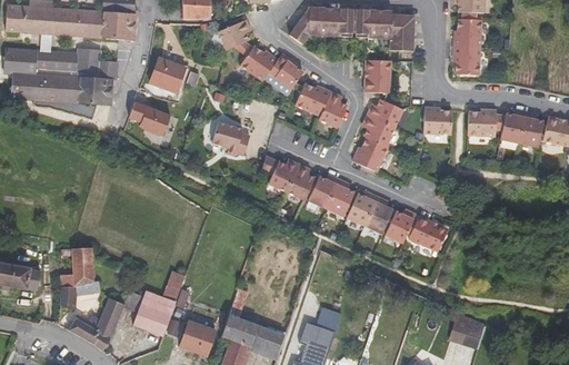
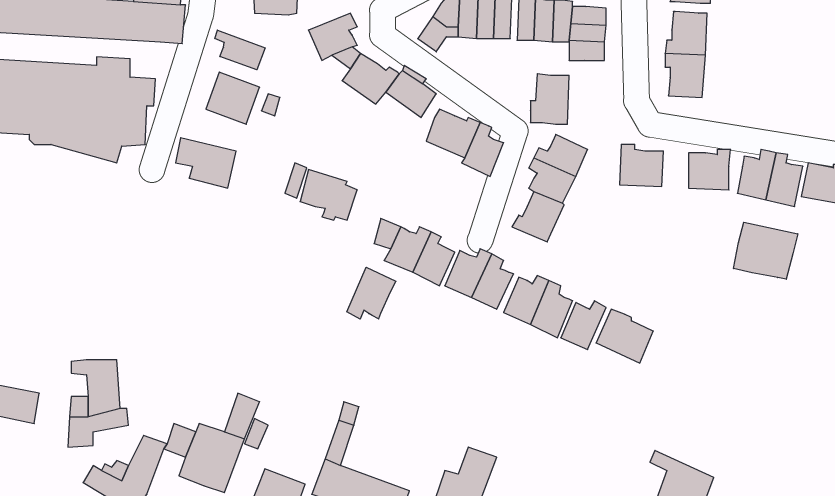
building: none -> [215,30,265,70]
building: none -> [734,222,798,279]
building: none -> [347,267,396,319]

